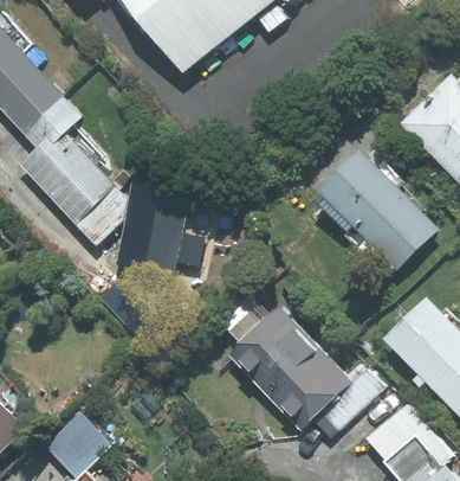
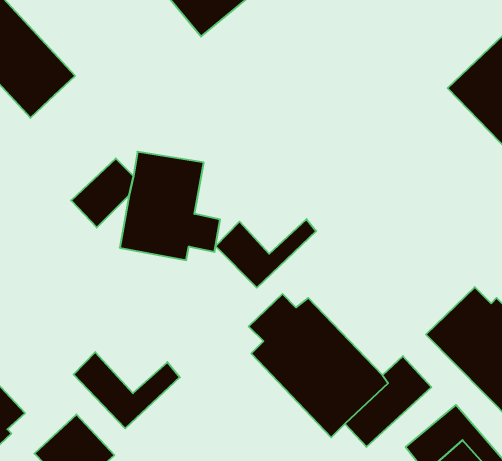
building: [20,129,112,222] -> none
building: [316,150,435,268] -> none
building: none -> [216,219,316,288]
building: none -> [74,352,180,428]

